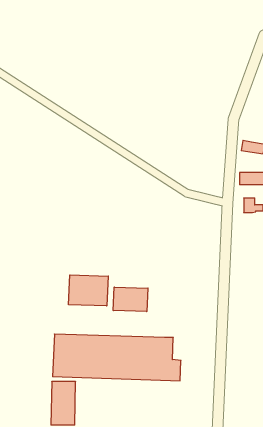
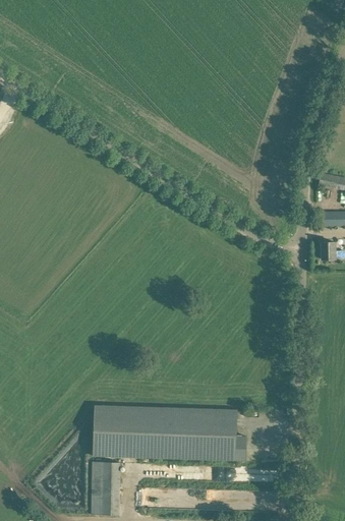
building: [69,275,108,306] -> none
building: [113,287,148,312] -> none

